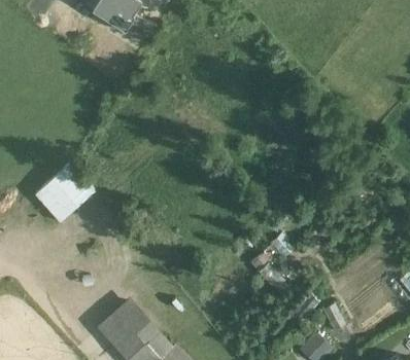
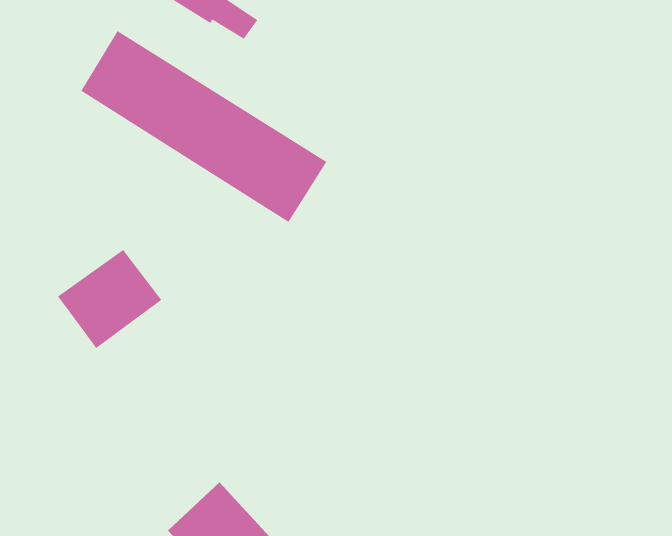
building: none -> [81,30,327,223]

